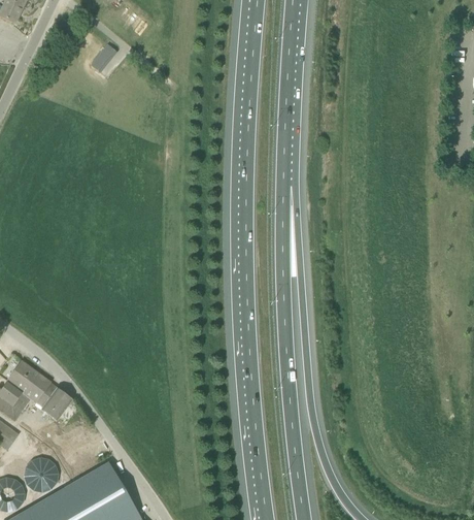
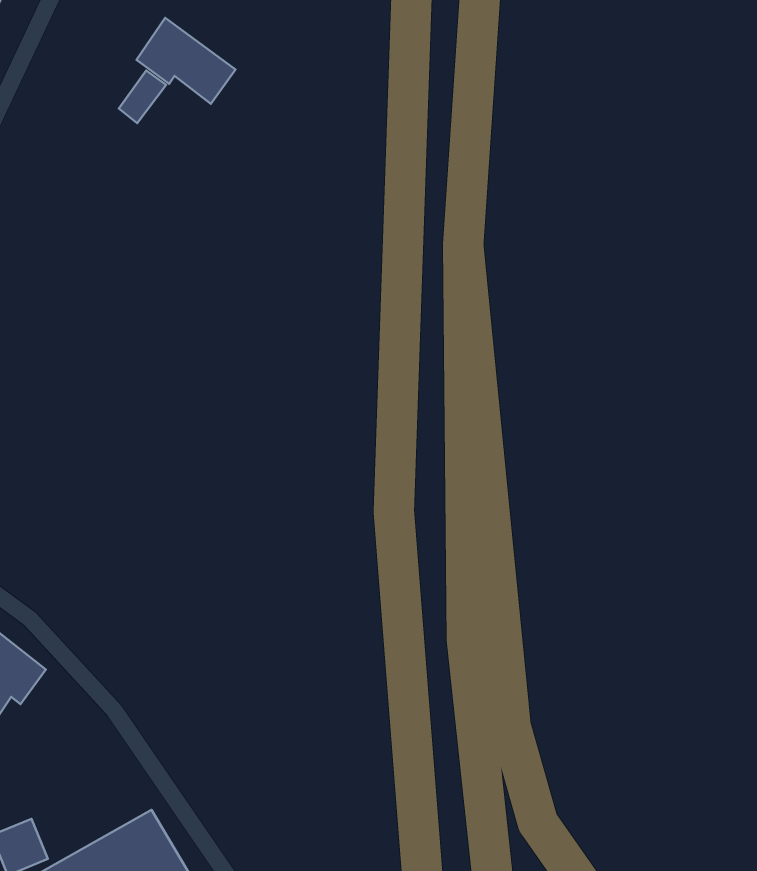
building: none -> [136,18,236,104]
building: [35,383,72,421] -> none

